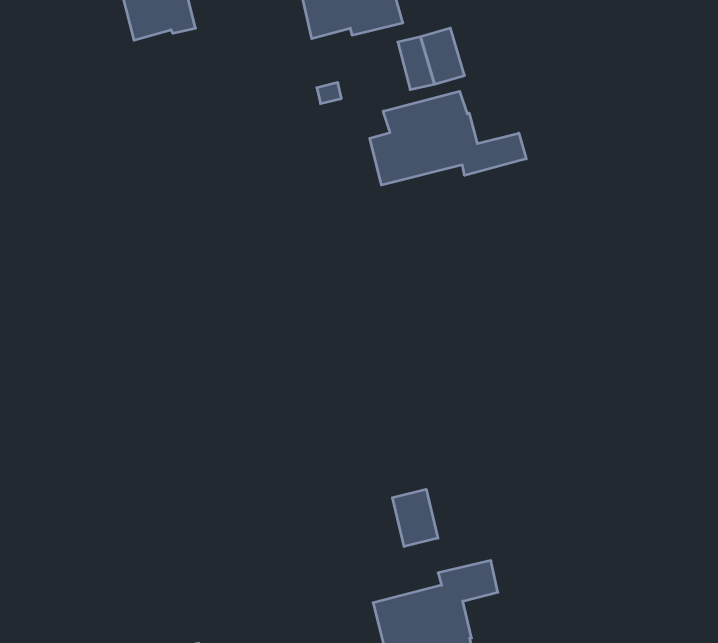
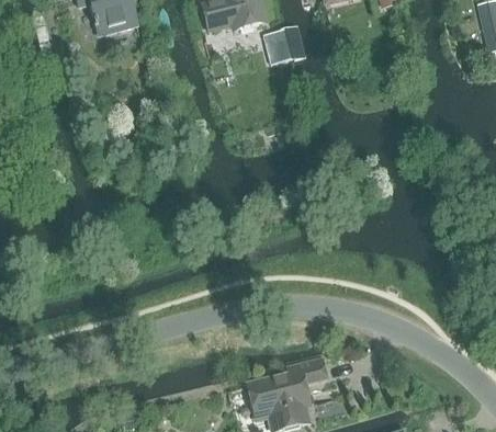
building: [370,91,526,185] -> none
building: [392,489,438,547] -> none

